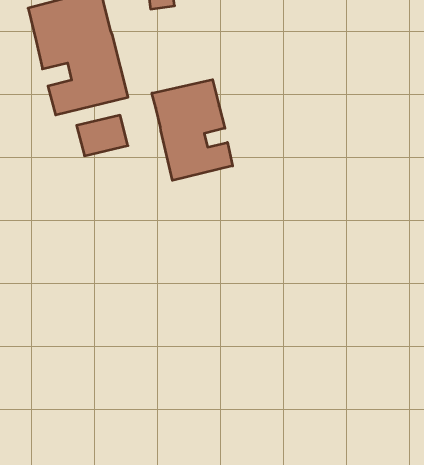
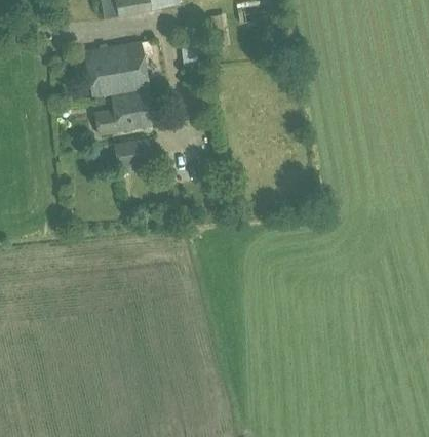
building: [152,80,233,180] -> none

